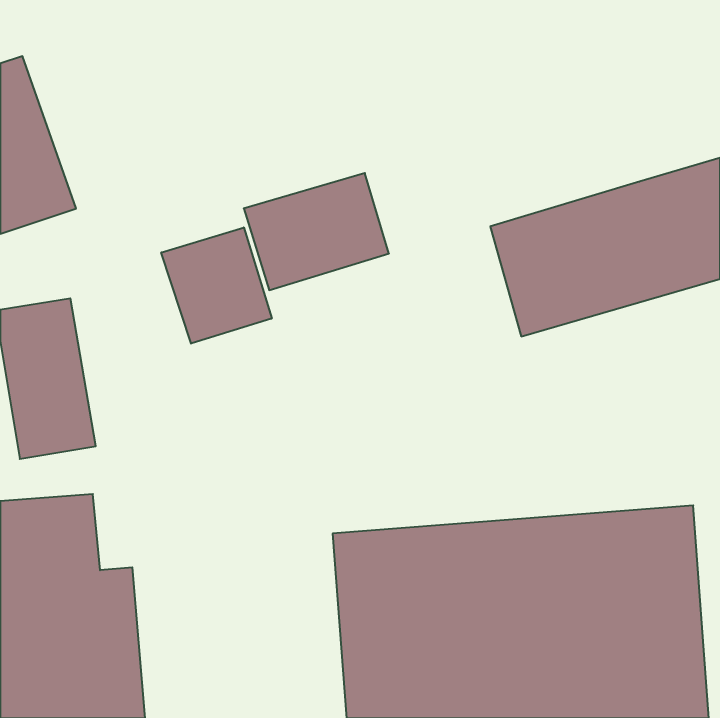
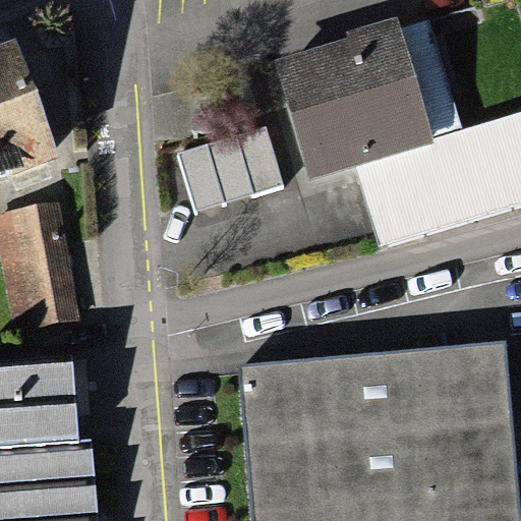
building: none -> [275,17,462,176]
building: [161,227,272,344] -> none

